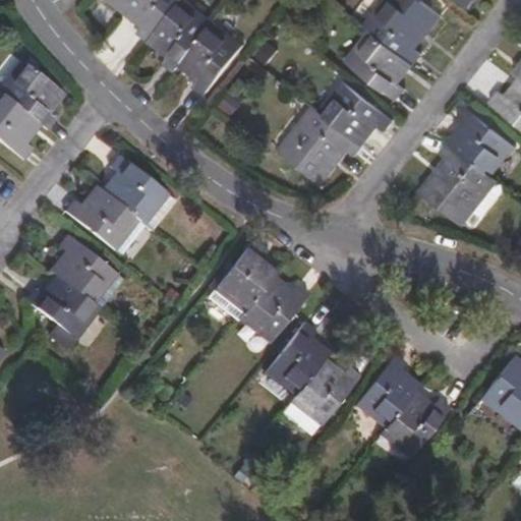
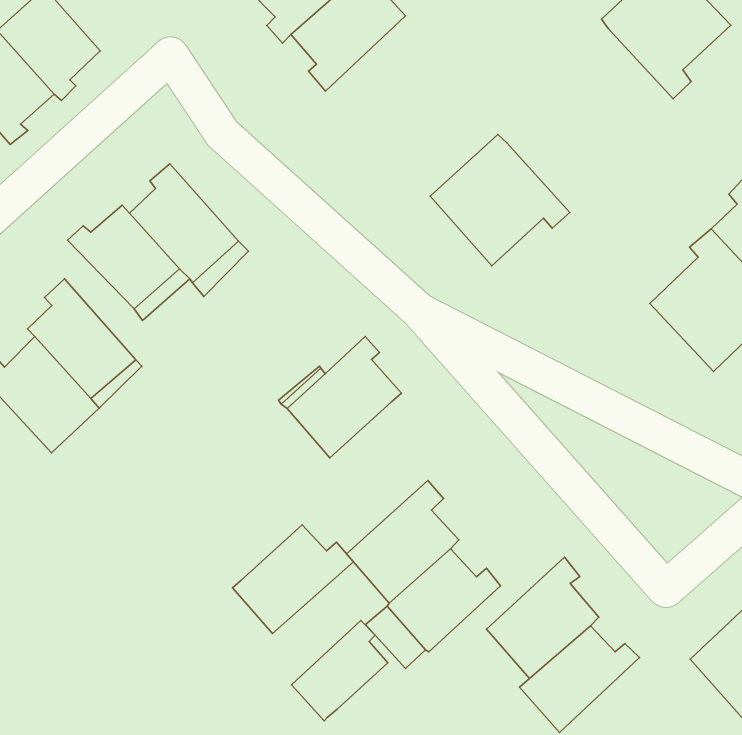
building: [345,31,414,101] -> none
building: [319,79,394,144] -> none
building: [239,276,309,344] -> [233,525,354,633]
building: none -> [292,620,388,721]

